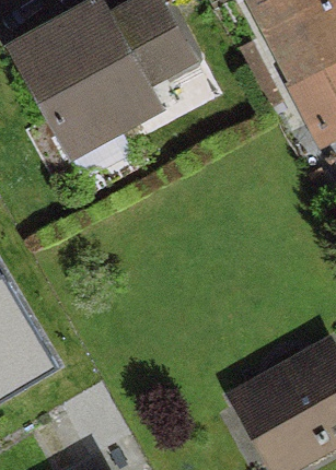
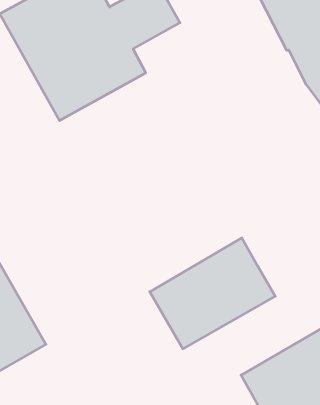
building: none -> [150,238,275,349]

